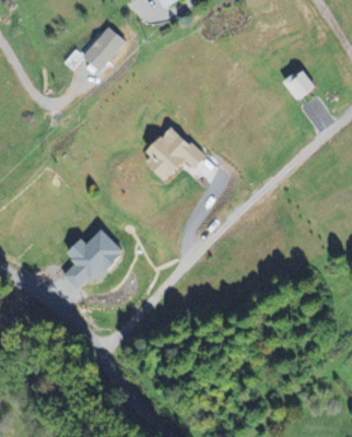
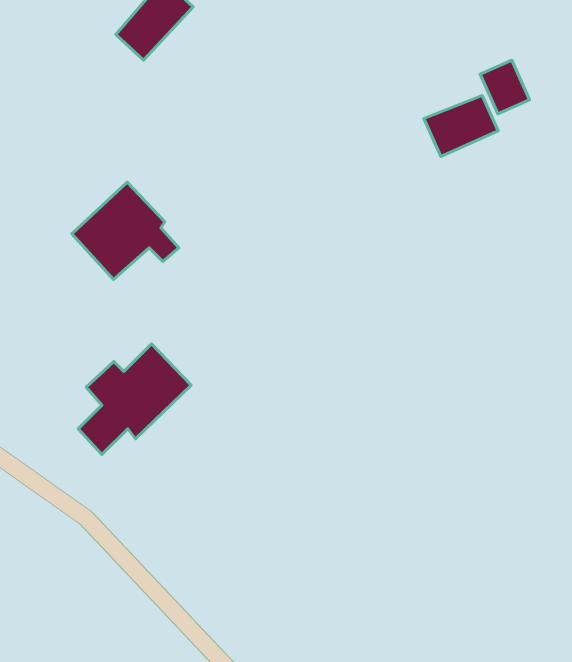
building: none -> [424,95,498,157]
building: [143,125,202,178] -> [72,182,179,279]

